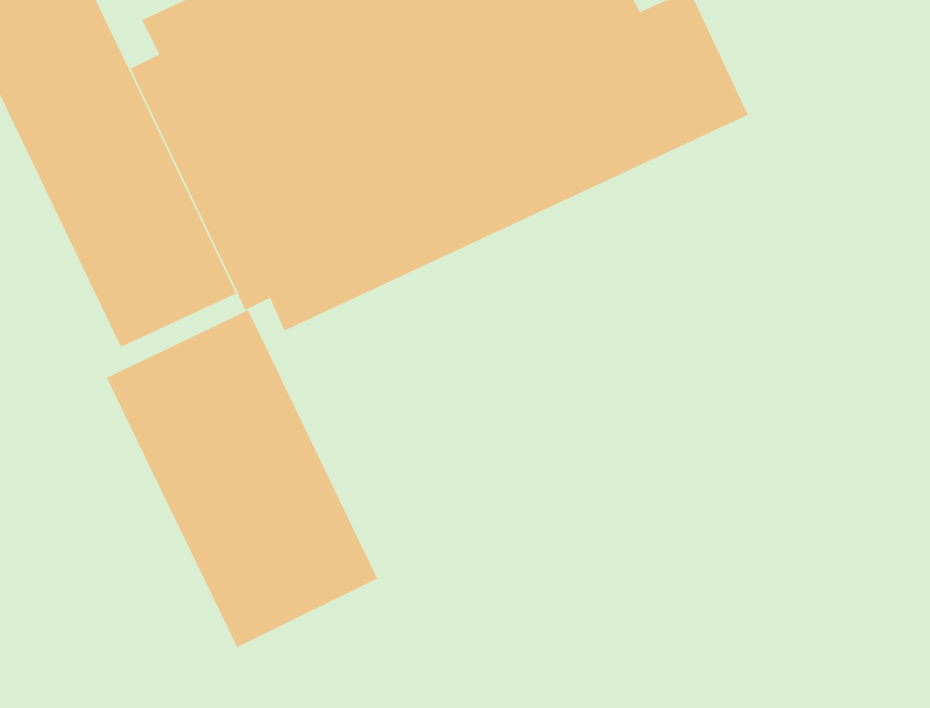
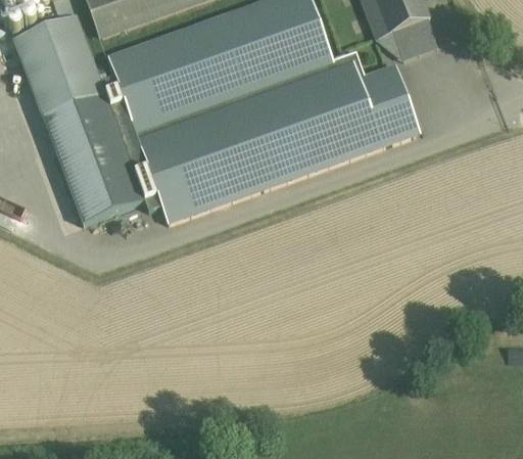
building: [106,309,378,648] -> none

